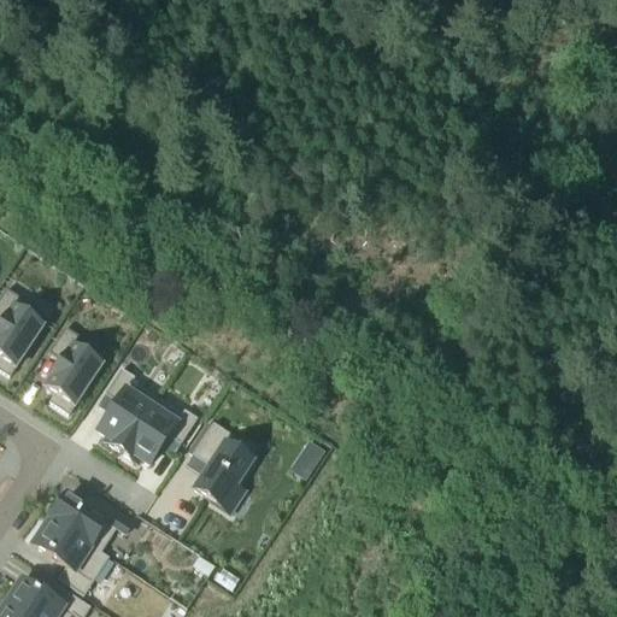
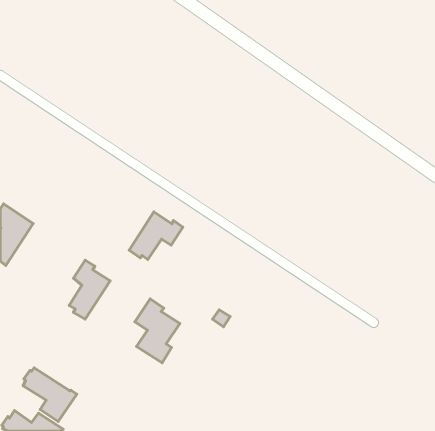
building: [45,327,100,413] -> none
building: [122,396,198,464] -> [129,212,183,260]
building: [49,494,134,552] -> none

